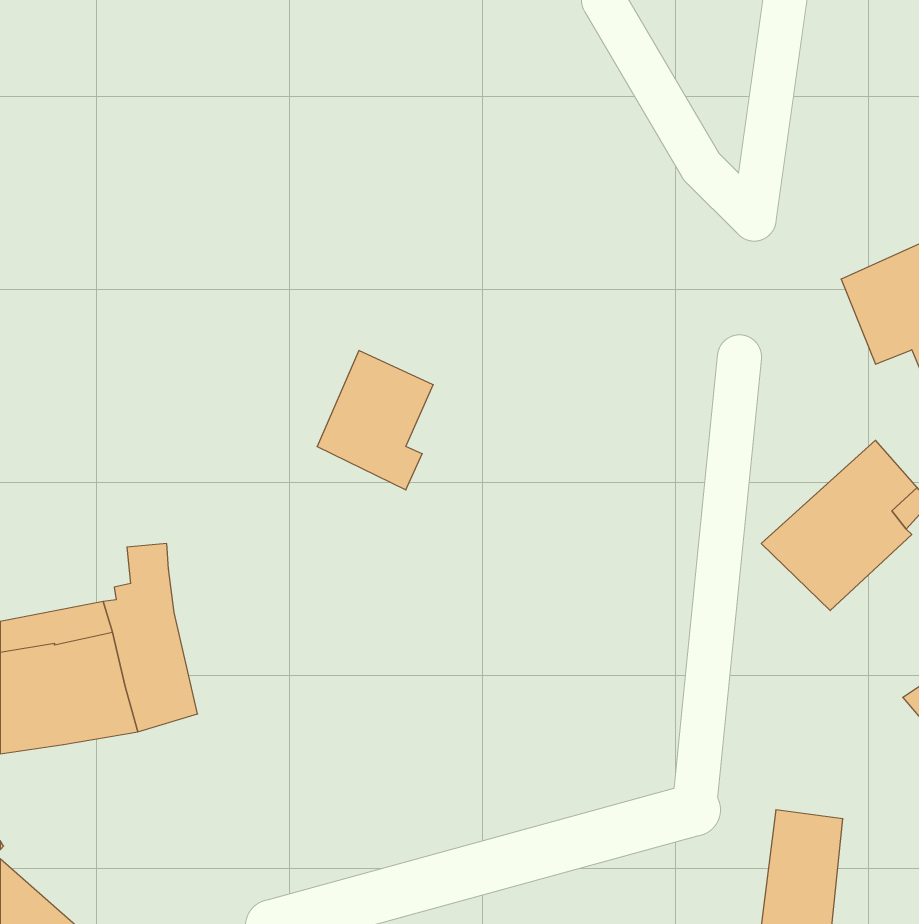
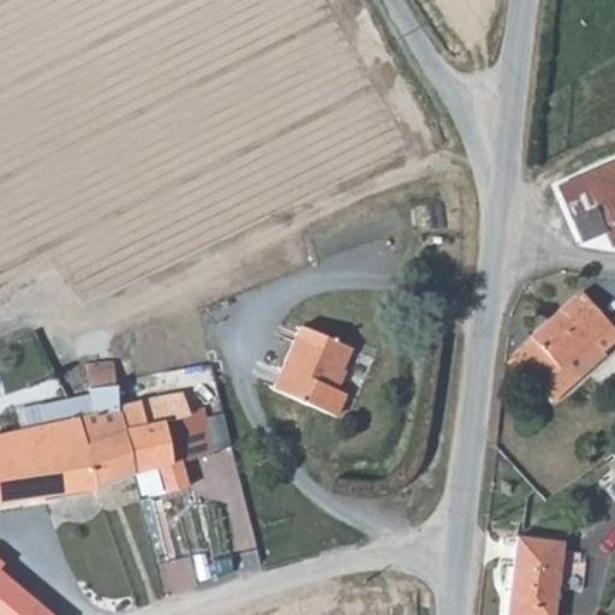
building: [317,350,433,490] -> [274,321,351,413]
building: none -> [120,395,215,494]

